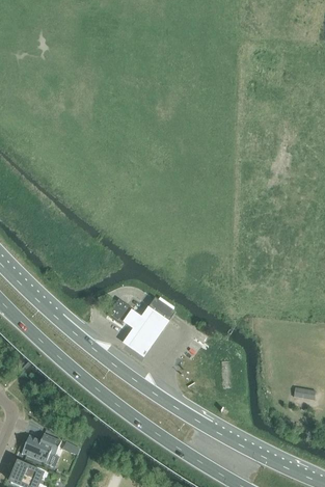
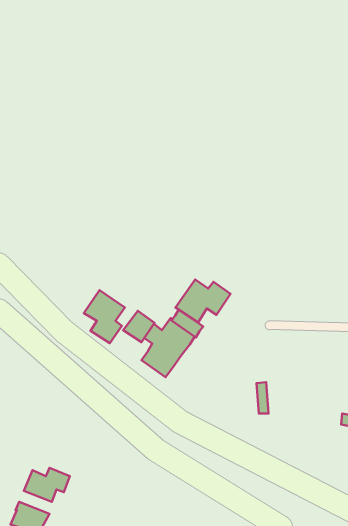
building: none -> [176,280,231,323]
building: none -> [84,290,125,343]

